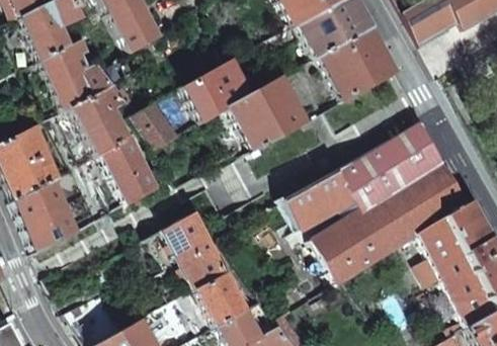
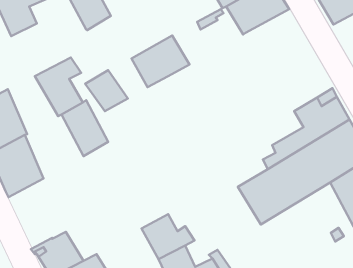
building: [320,28,397,101] -> none
building: [42,38,112,111] -> none
building: [228,77,308,151] -> none
building: [283,150,389,230] -> none
building: [165,212,228,289] -> none

